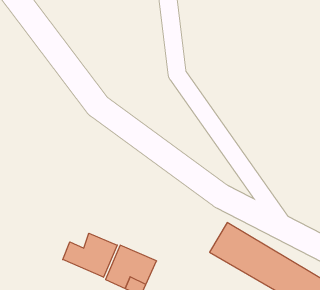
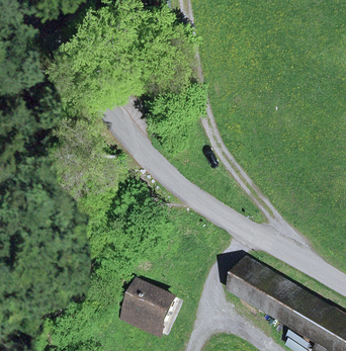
building: [63,233,117,277] -> none

